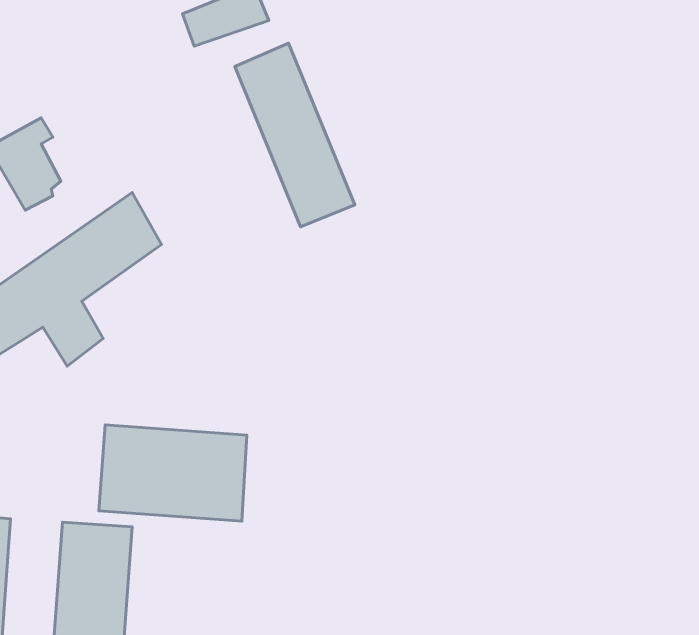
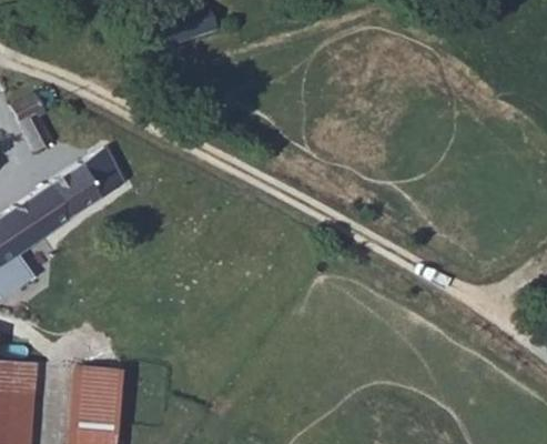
building: [235,43,355,227] -> none
building: [99,425,247,521] -> none

